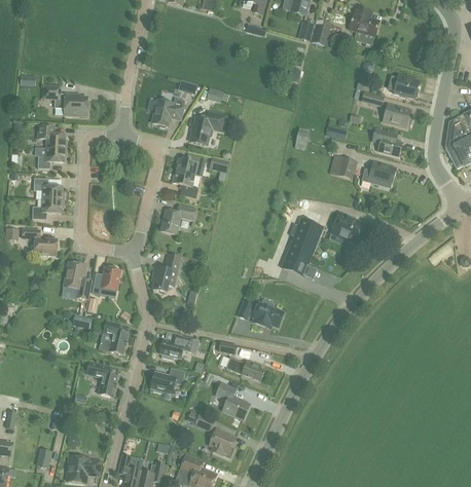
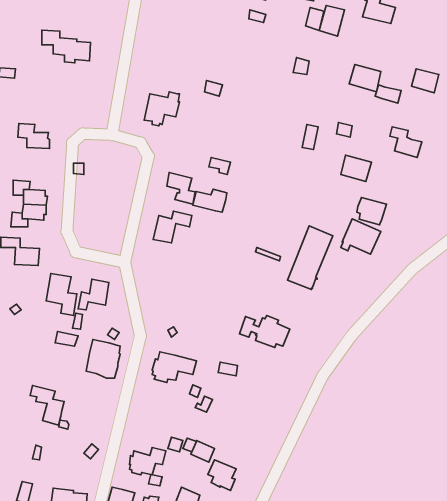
building: [43,85,87,115] -> [42,30,91,63]
building: [382,103,410,127] -> [349,65,381,92]
building: [189,111,226,145] -> none
building: [34,147,66,168] -> none
building: [174,155,205,176] -> [193,189,227,212]
building: [368,162,395,187] -> [357,197,386,225]
building: [151,260,179,292] -> none
building: [225,357,263,381] -> none
building: [86,361,117,397] -> [30,385,64,425]
building: [150,368,183,392] -> [129,447,166,475]
building: [215,382,249,419] -> none

